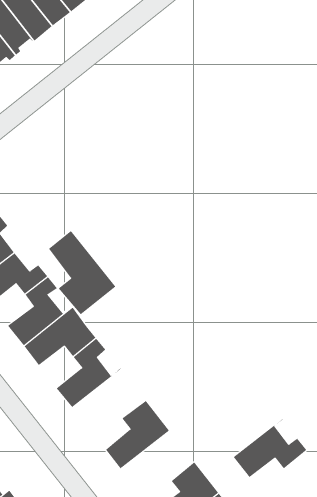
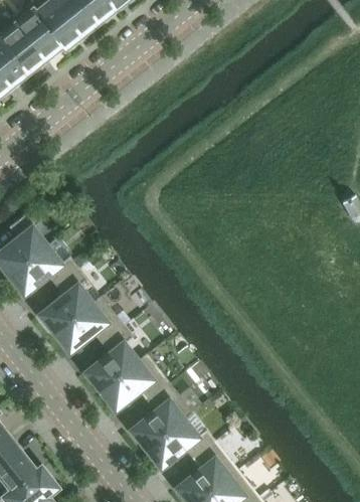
building: [48,230,116,315] -> none
building: none -> [100,354,169,409]
building: [233,418,307,478] -> [145,411,214,467]

